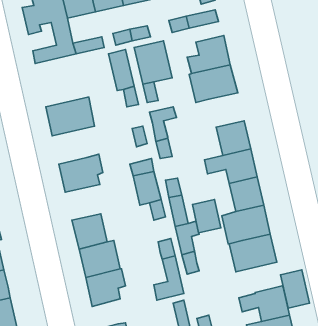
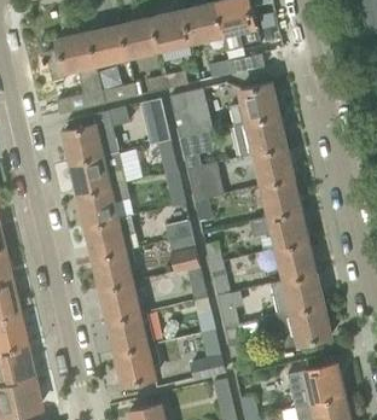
building: none -> [64,111,118,163]
building: none -> [254,147,294,186]
building: none -> [79,185,129,227]
building: none -> [93,250,135,290]
building: [192,200,221,233] -> none
building: [280,270,310,308] -> none

